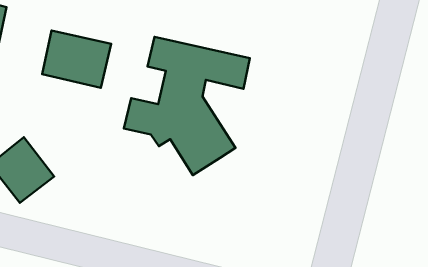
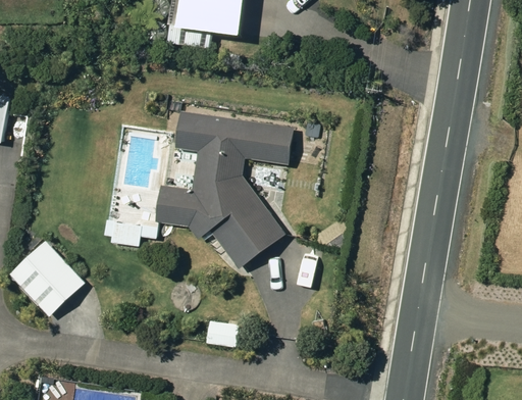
building: [42,30,111,88] -> none

